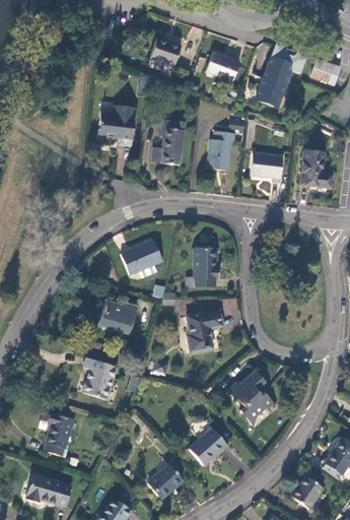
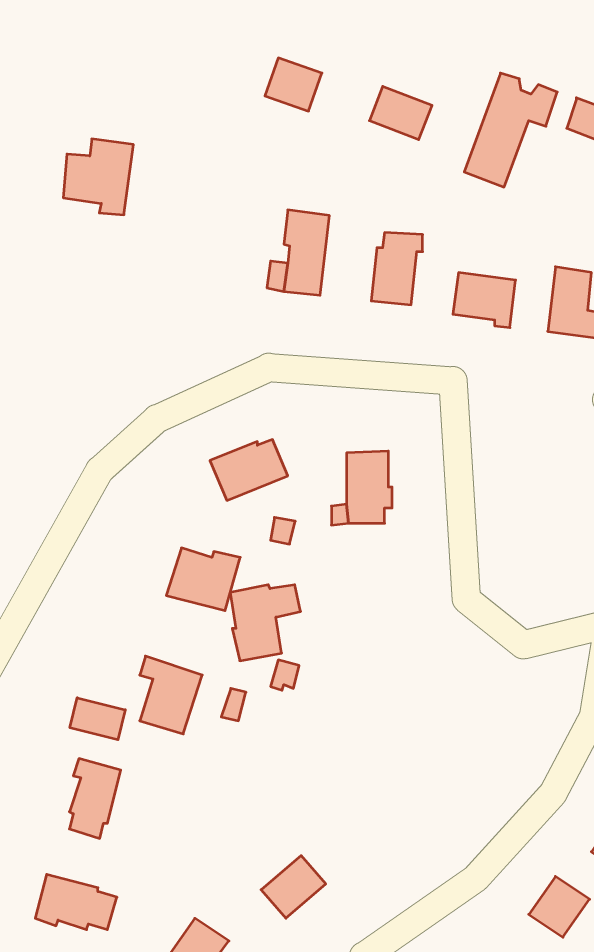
building: [98,105,136,145] -> [63,139,133,215]
building: [186,311,223,351] -> [230,585,301,661]
building: [226,370,277,420] -> none
building: none -> [70,698,125,740]
building: [190,428,227,465] -> none

